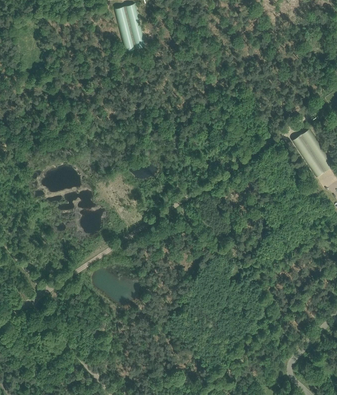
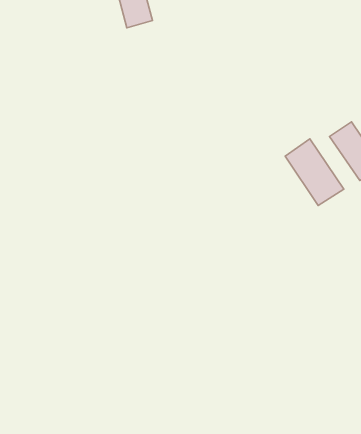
building: none -> [285,139,344,206]

